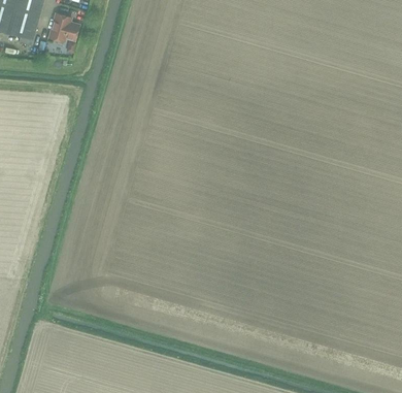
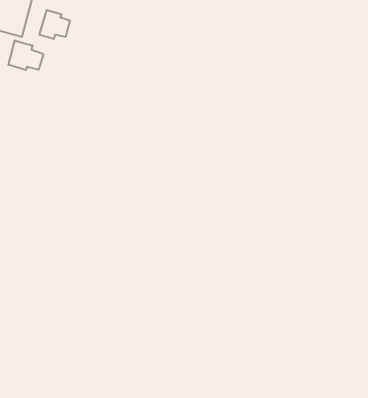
building: none -> [8,40,43,70]

